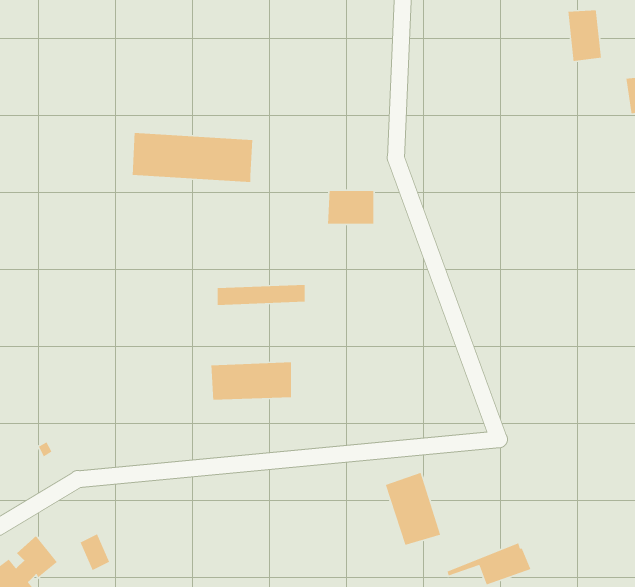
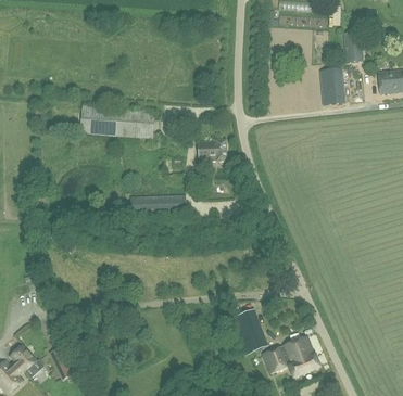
building: none -> [319,67,340,102]
building: [211,361,292,400] -> none
building: none -> [263,335,313,368]

